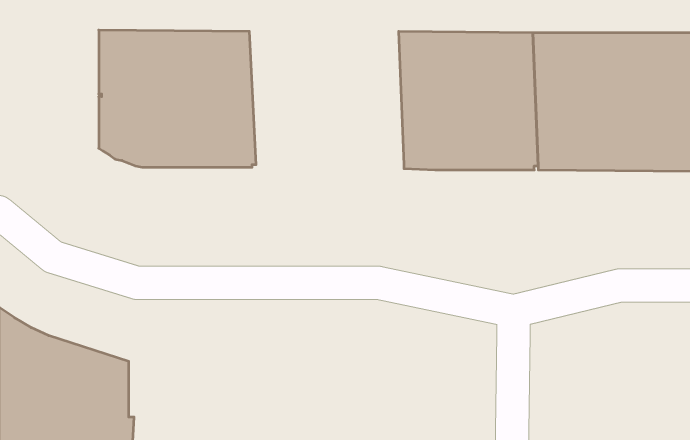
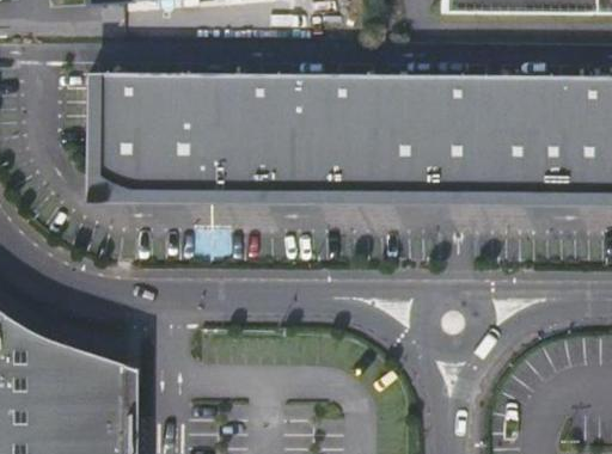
building: none -> [222,70,359,191]

